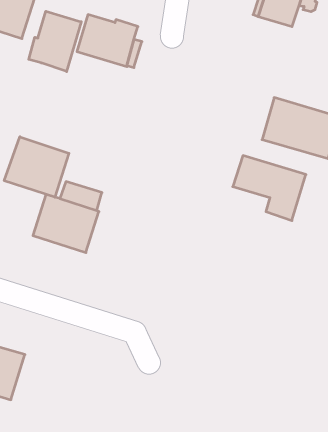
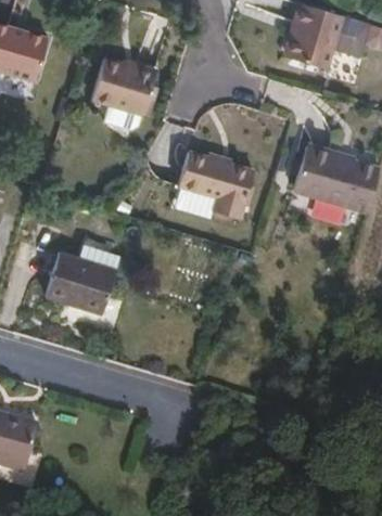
building: [29,11,81,72] -> none
building: [4,137,69,197] -> none
building: [233,156,306,221] -> [178,152,257,222]

